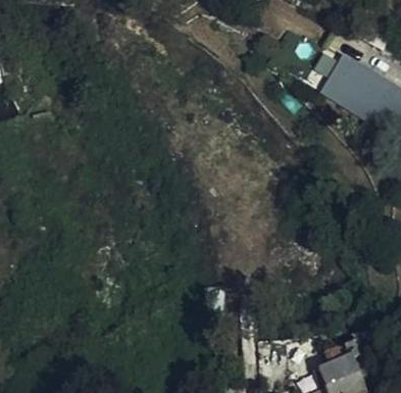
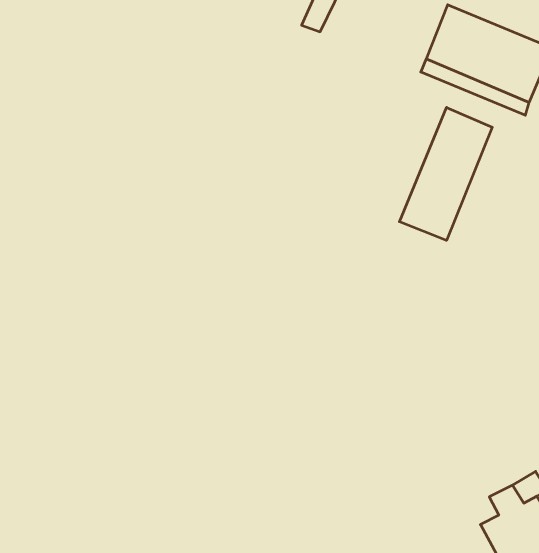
building: none -> [399,107,492,240]

